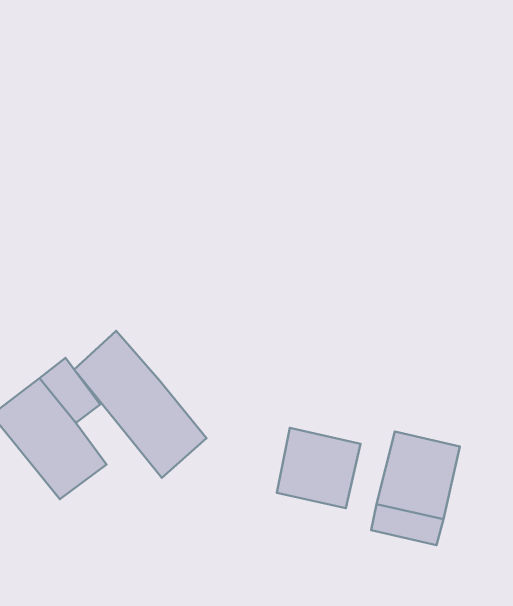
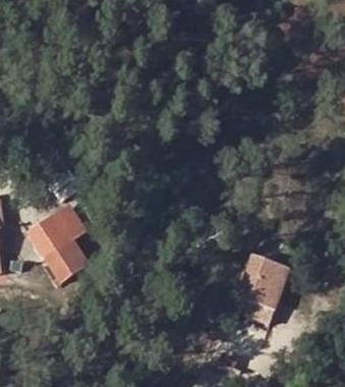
building: [74,331,206,478] -> none
building: [277,428,360,508] -> none

